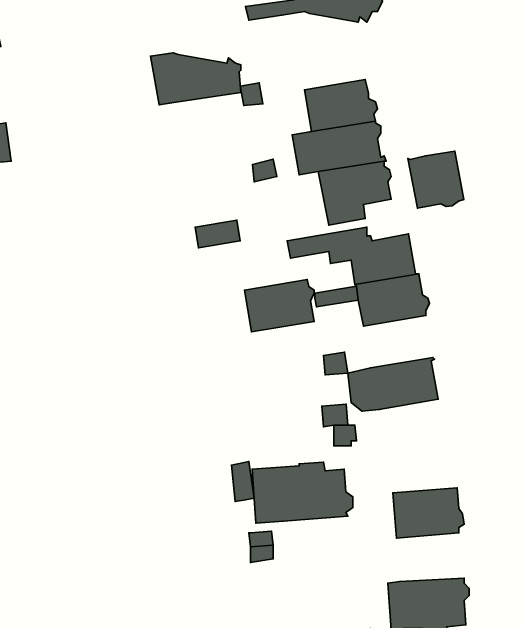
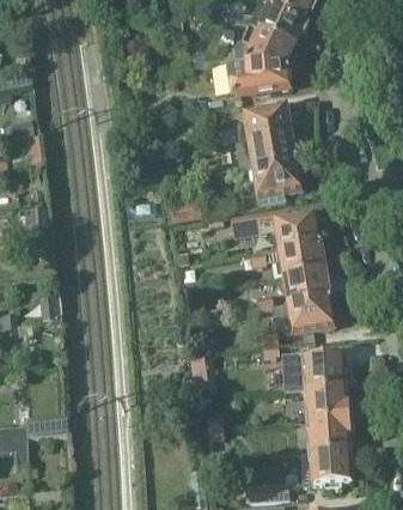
building: [151,53,241,105] -> [227,59,289,95]
building: [408,151,464,208] -> none
building: [245,280,314,332] -> [283,268,331,304]
building: [252,462,353,523] -> [282,350,352,391]
building: none -> [306,418,354,451]

